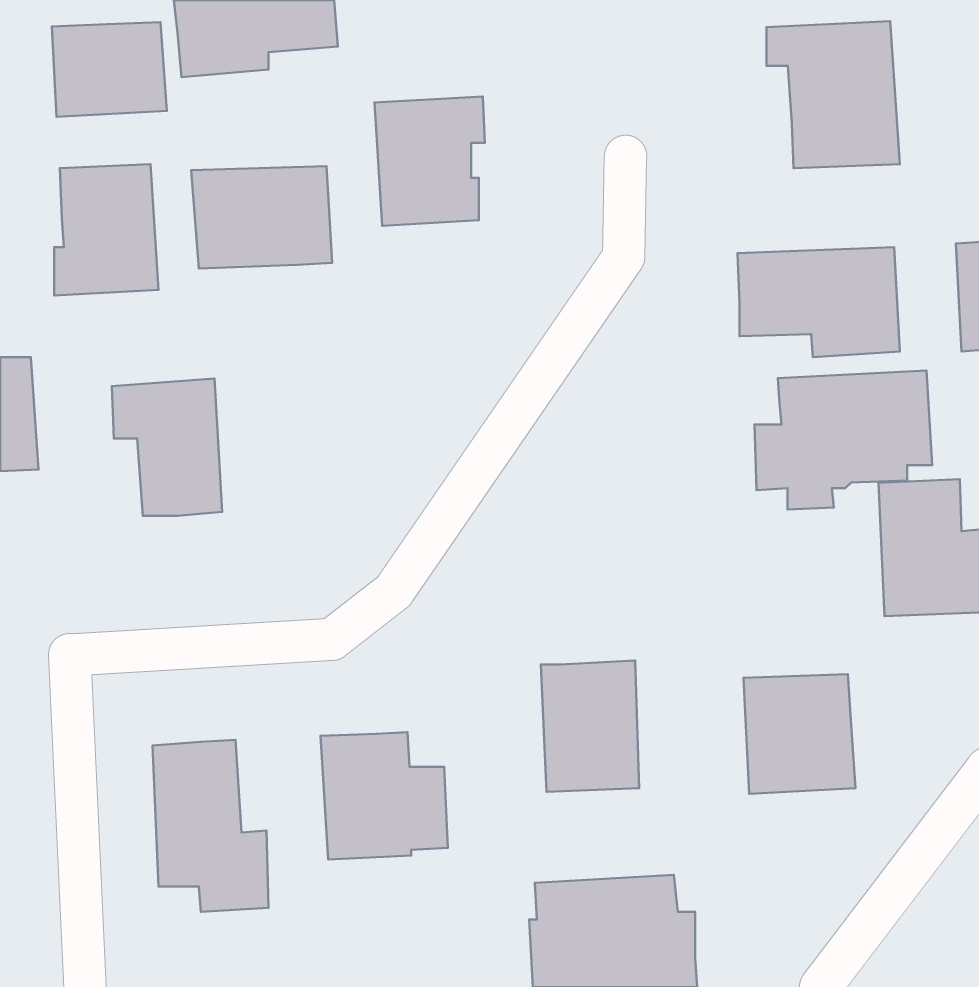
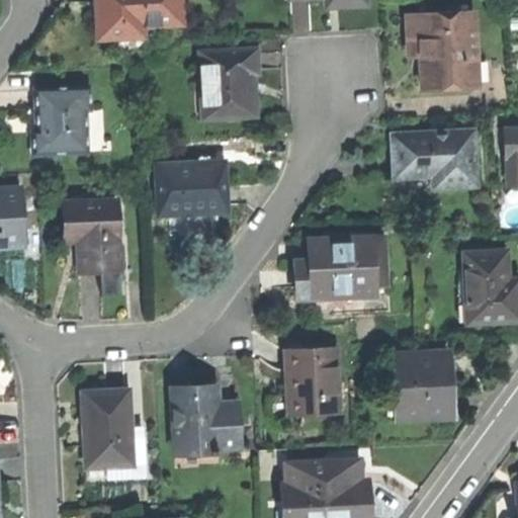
building: [52,22,167,117] -> none
building: [191,166,332,269] -> [154,162,228,215]
building: [755,370,932,510] -> [294,235,387,308]

